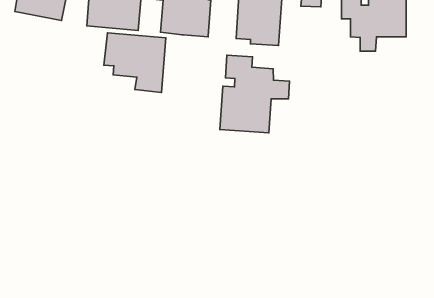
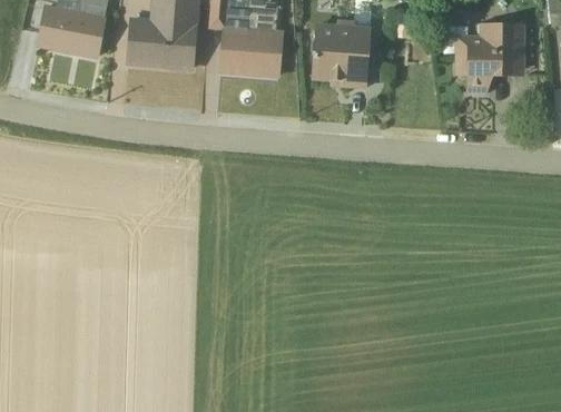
building: [104,33,166,92] -> none
building: [220,55,290,133] -> none

